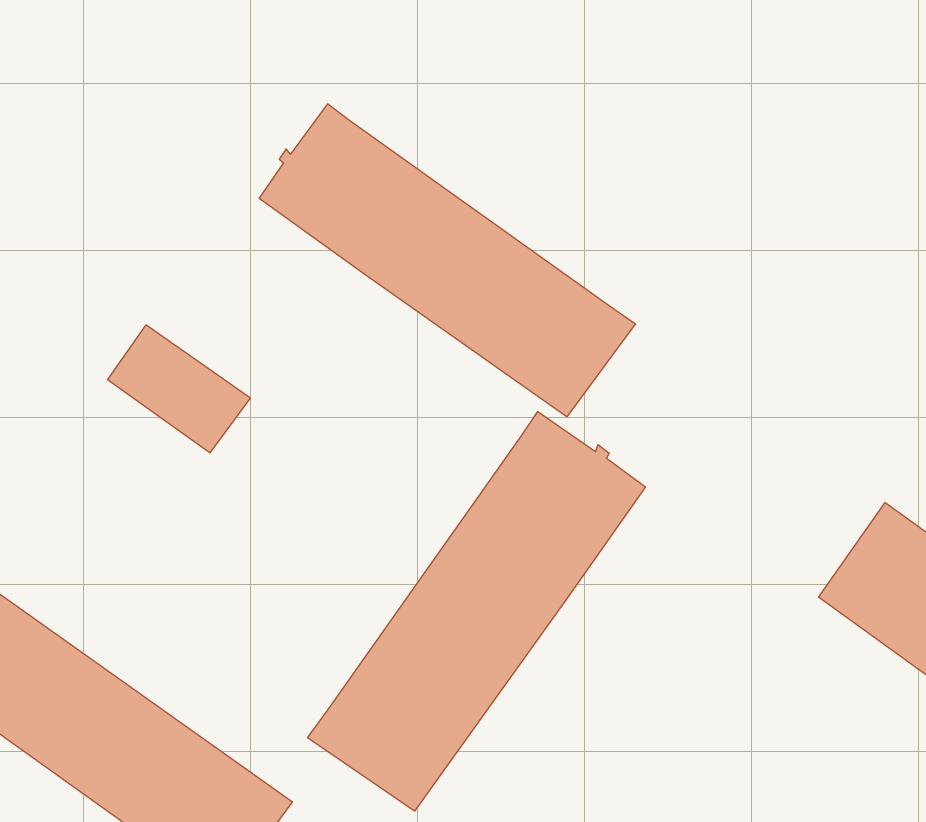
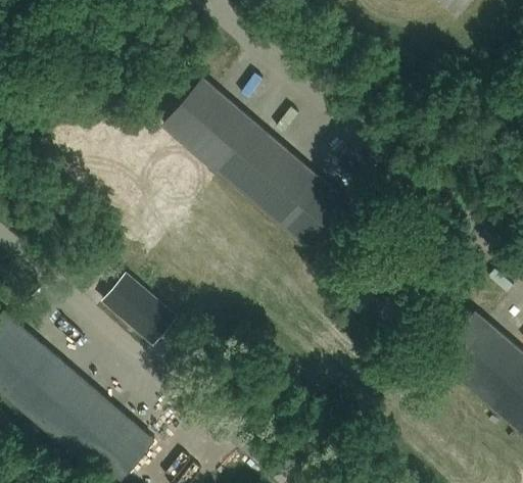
building: [107,325,250,453] -> [103,274,177,343]
building: [307,412,646,811] -> none

